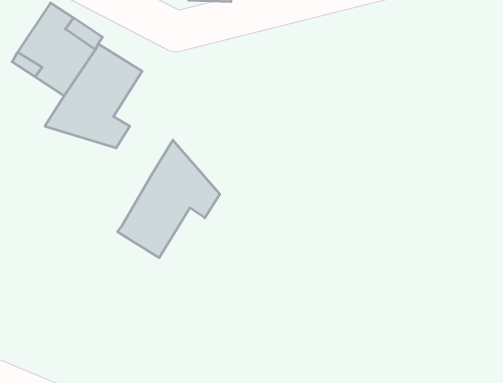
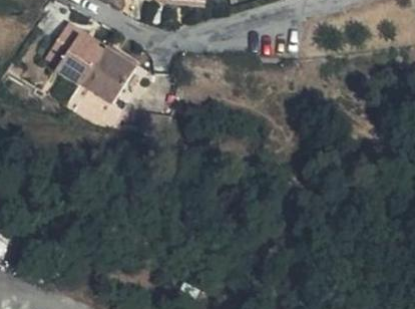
building: [118,140,220,258] -> none

